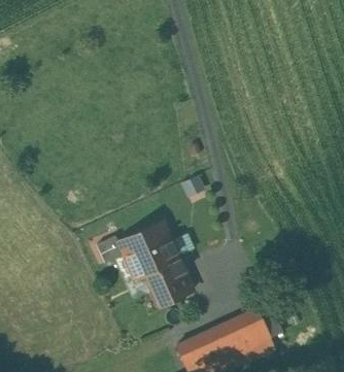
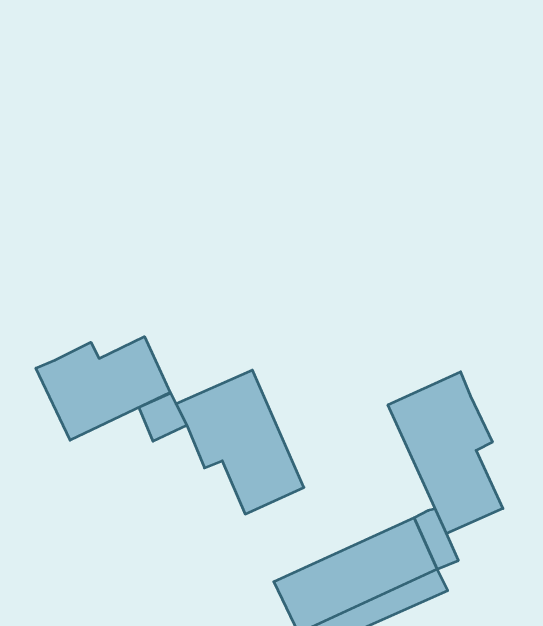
building: none -> [36,337,170,440]
building: none -> [388,372,503,534]

